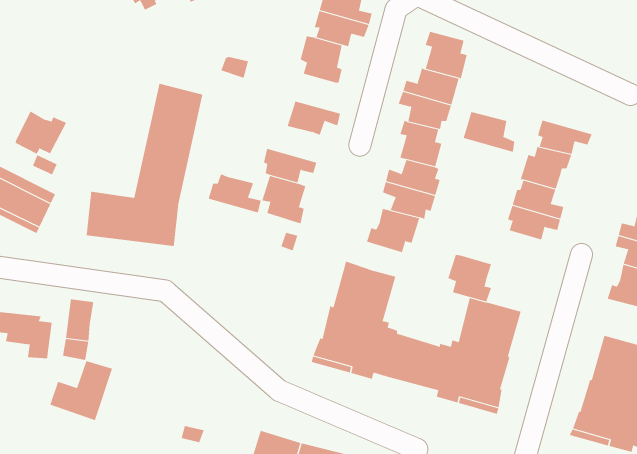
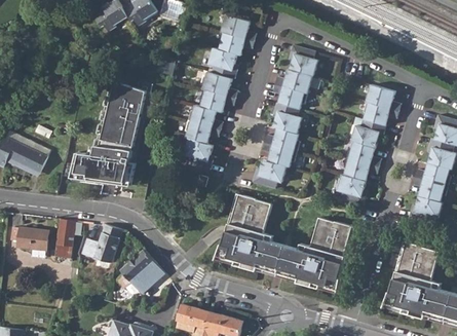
building: none -> [202,71,237,98]
building: [15,110,67,155] -> none
building: [463,111,515,153] -> [366,84,399,111]
building: [208,174,262,213] -> [187,104,222,129]
building: [447,255,492,302] -> [337,174,366,204]
building: none -> [120,250,164,293]
building: [49,361,113,421] -> [81,224,122,263]

